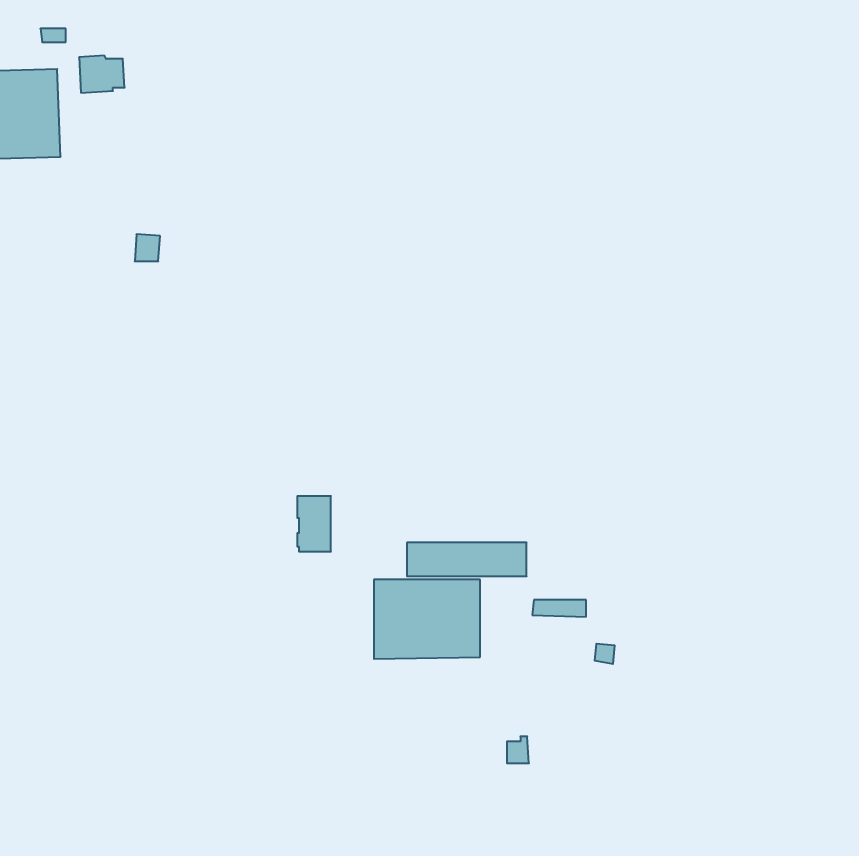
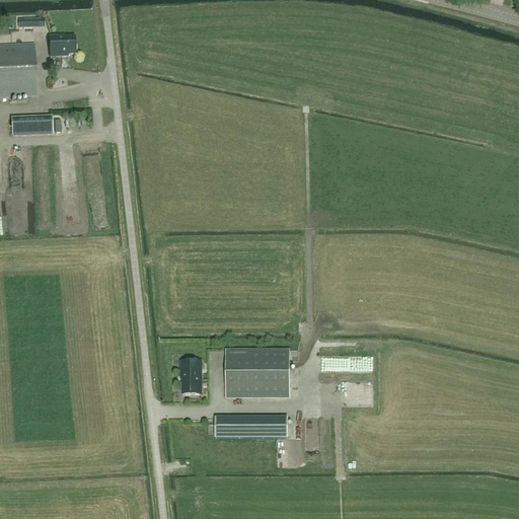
building: none -> [11,115,52,135]
building: [297,496,331,552] -> [180,360,201,393]
building: [407,543,527,576] -> [215,416,287,436]

